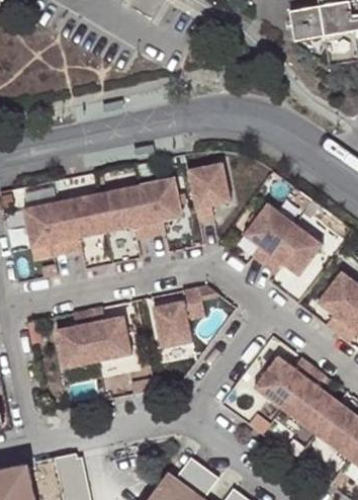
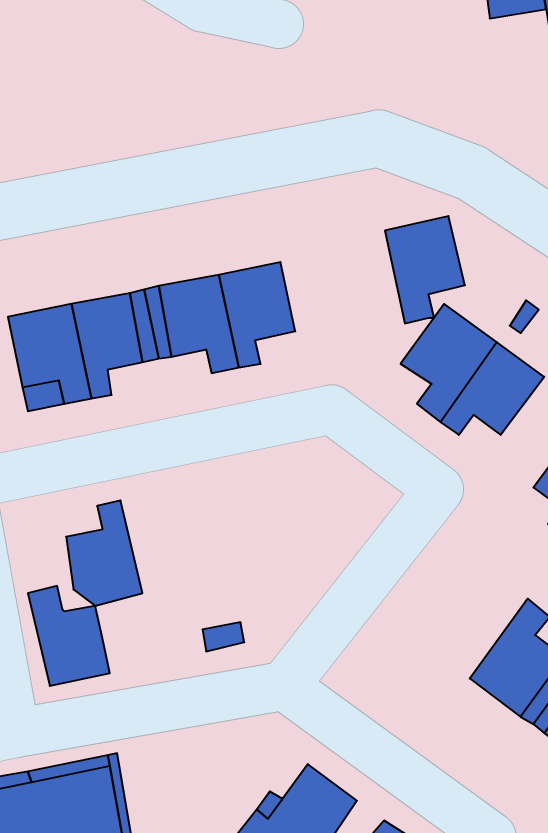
building: [187,162,232,222] -> [385,216,465,323]
building: [153,286,218,349] -> none
building: [86,307,131,362] -> [28,586,110,686]
building: [253,356,312,410] -> none

